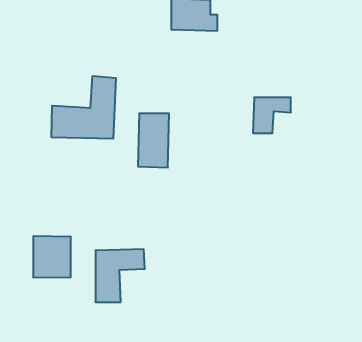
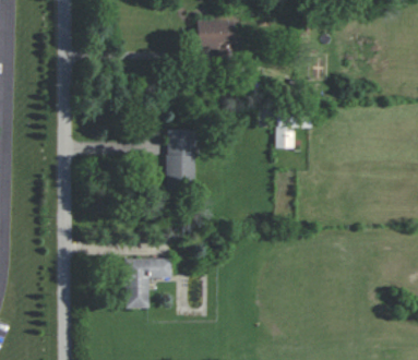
building: [52,76,116,139] -> none
building: [33,236,71,278] -> none

